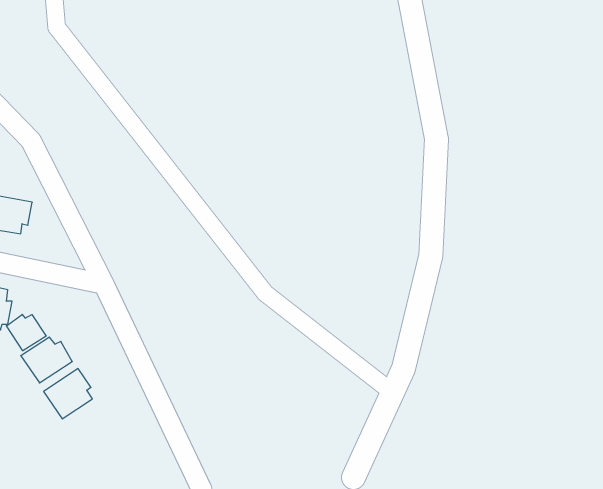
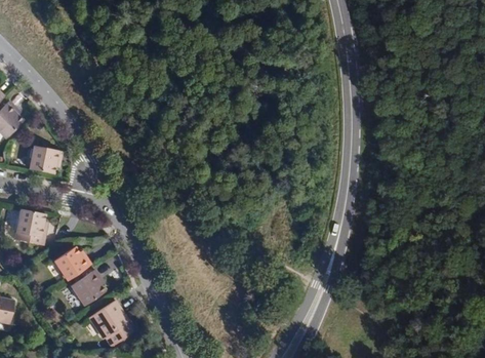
building: [6,314,46,351] -> none
building: none -> [88,301,132,346]

